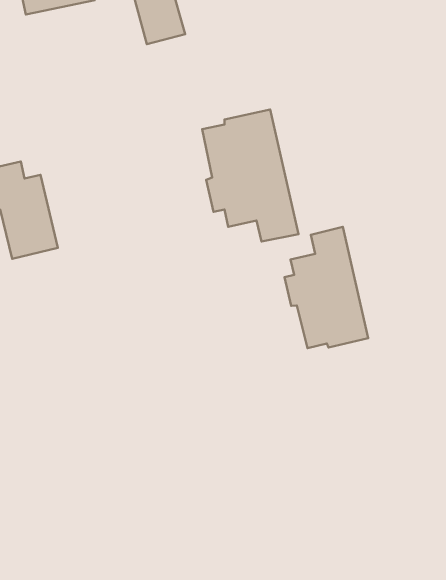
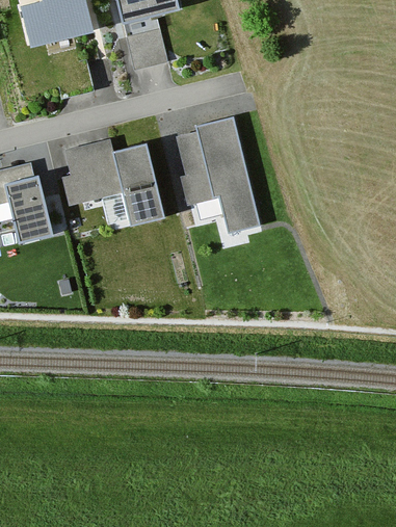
building: none -> [60,139,167,226]
building: [285,227,368,348] -> none

